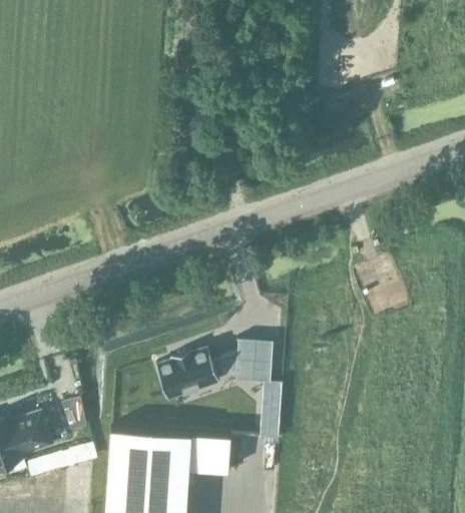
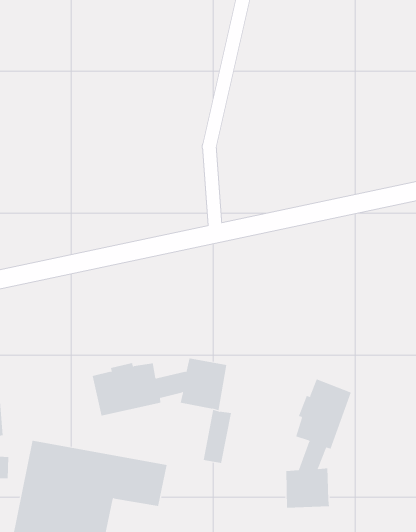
building: none -> [286,378,352,509]

